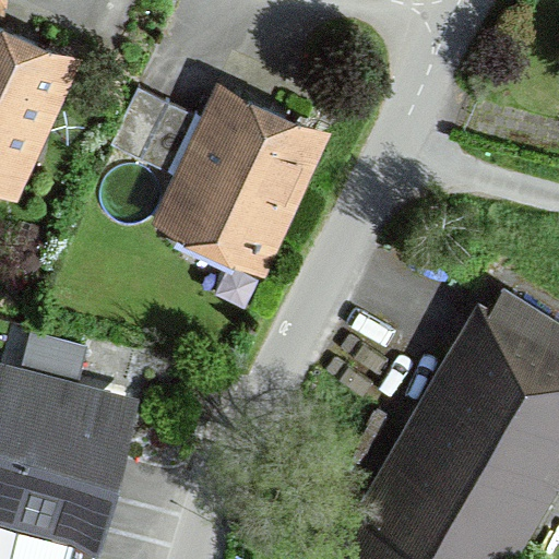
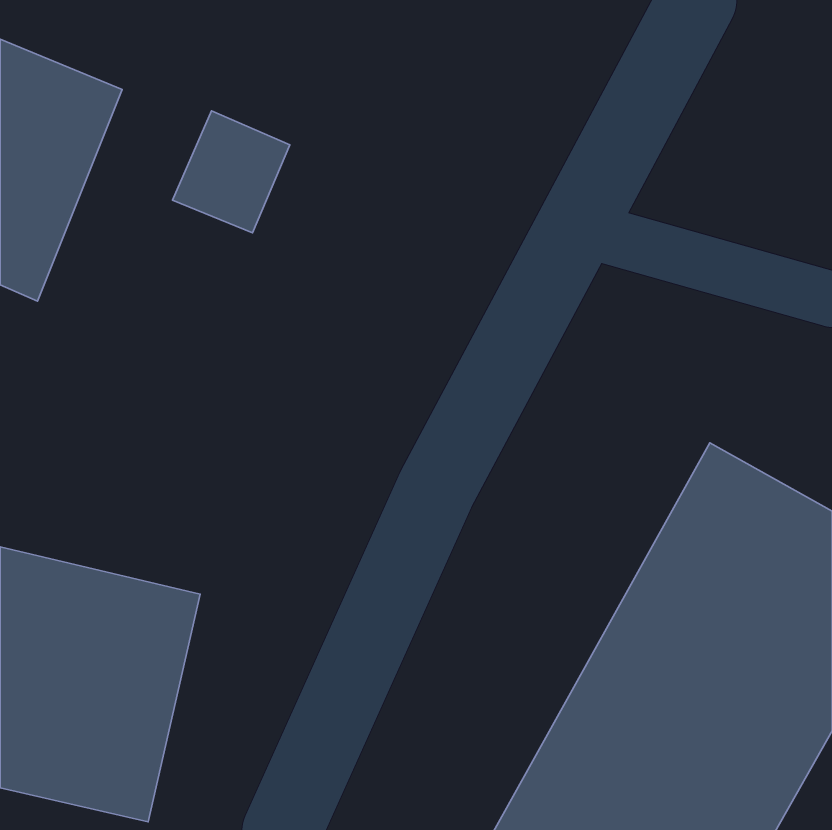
building: [155,88,330,278] -> none

